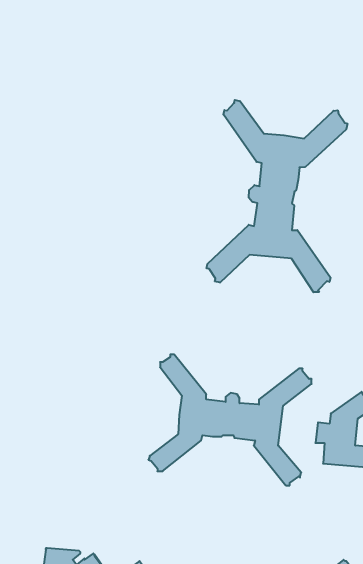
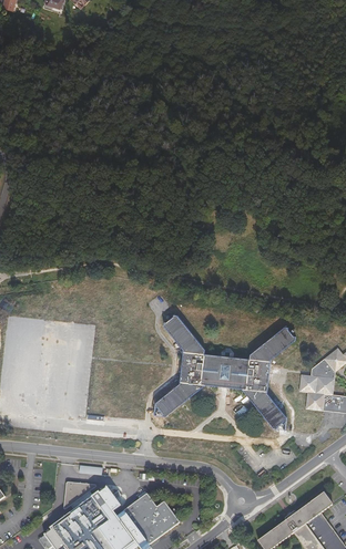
building: [207,100,347,292] -> none

